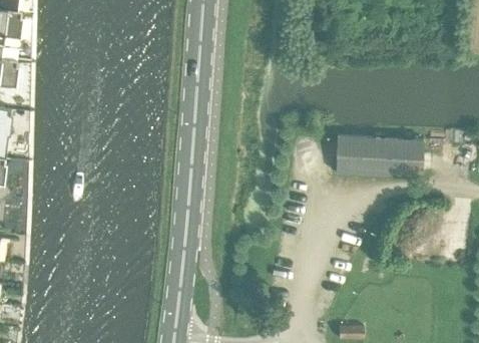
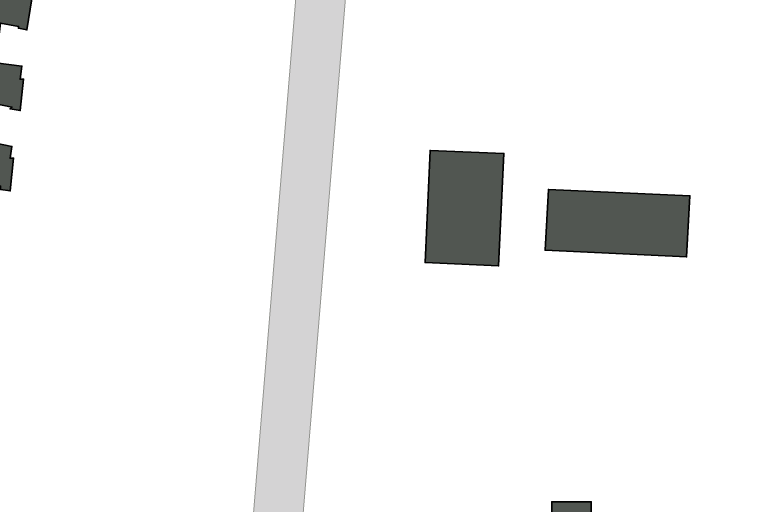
building: none -> [425,150,504,266]

